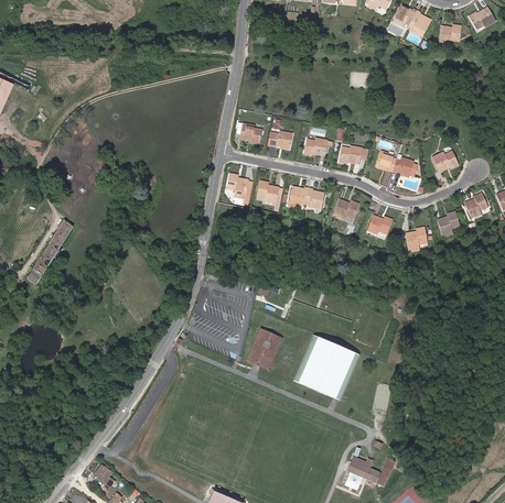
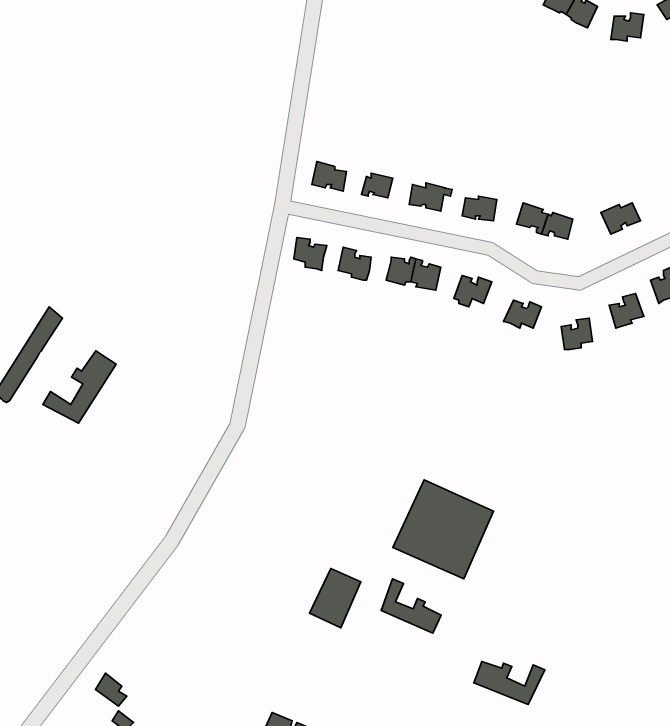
building: none -> [43,351,116,423]
building: [247,329,281,369] -> [310,569,361,628]
building: none -> [381,579,441,633]

